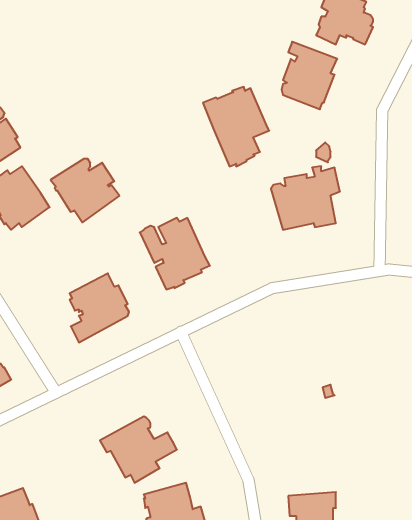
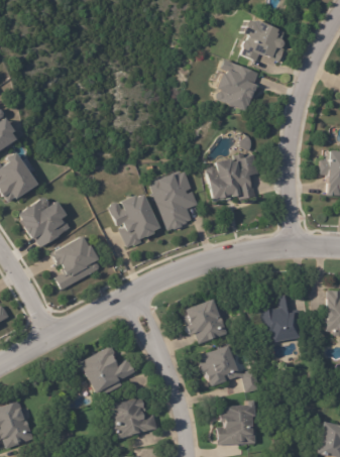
building: [203,87,269,166] -> [149,170,200,231]
building: [51,159,119,222] -> [17,199,70,247]
building: none -> [259,293,304,344]
building: none -> [184,298,229,343]
building: none -> [198,343,261,391]

